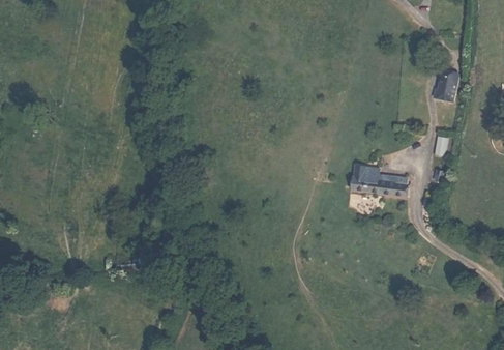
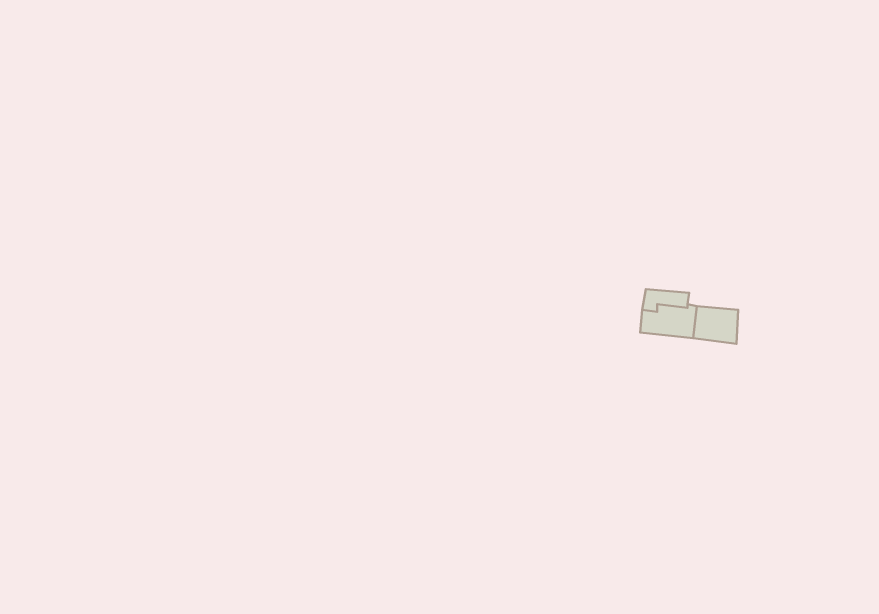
building: [433,68,457,96] -> none

